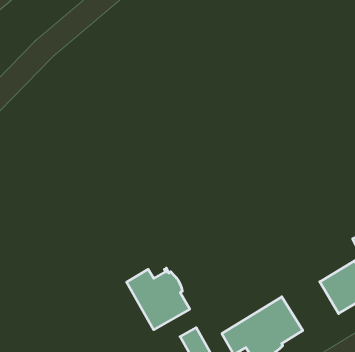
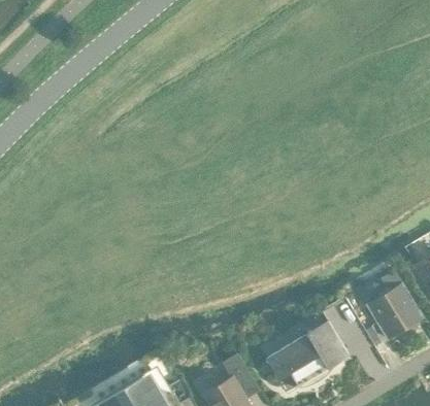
building: [127,268,190,330] -> none

